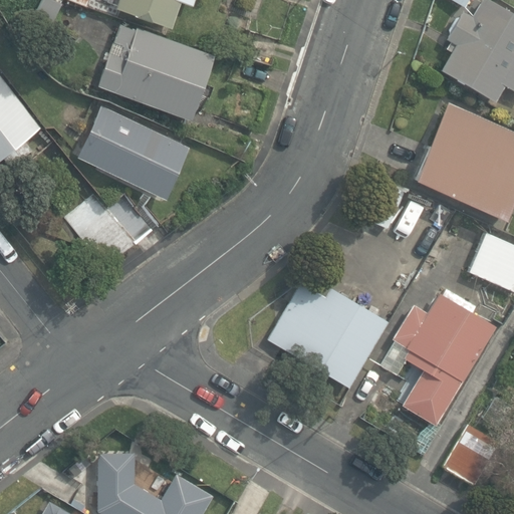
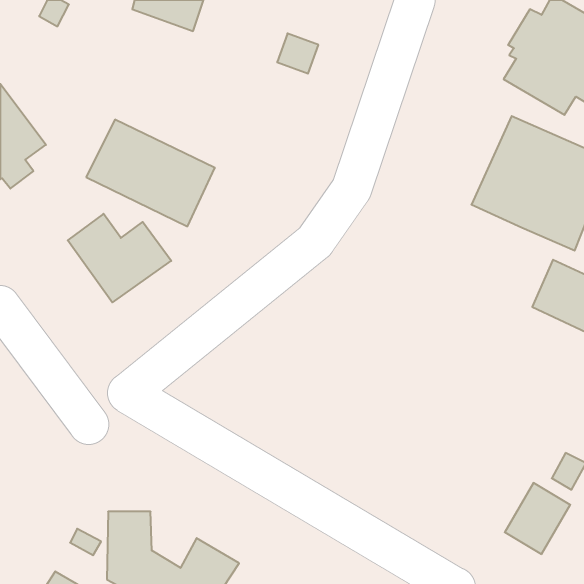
building: [100,28,215,120] -> none
building: [263,282,382,387] -> none
building: [377,292,495,425] -> none

